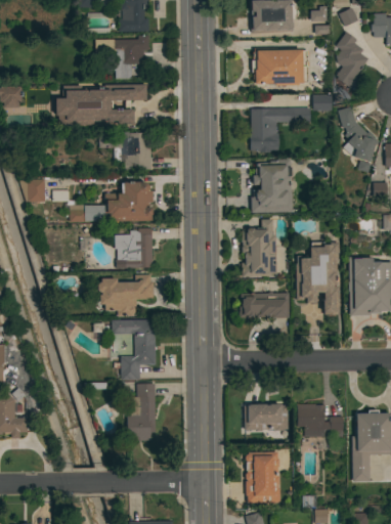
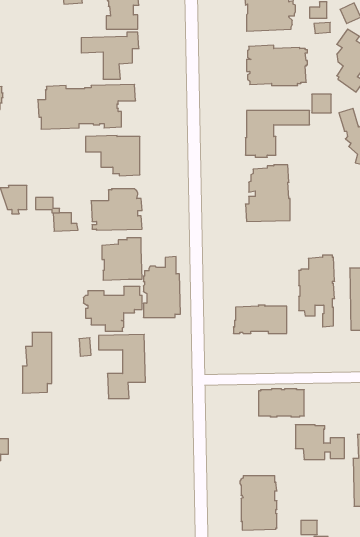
building: [243,219,277,276] -> [143,257,180,317]
building: [128,384,156,441] -> [22,332,52,393]
building: [246,404,289,431] -> [259,389,304,417]

